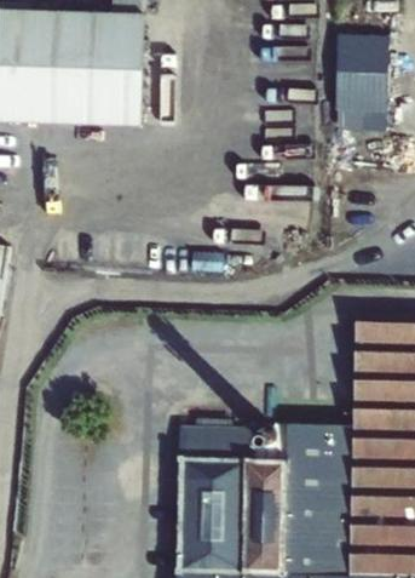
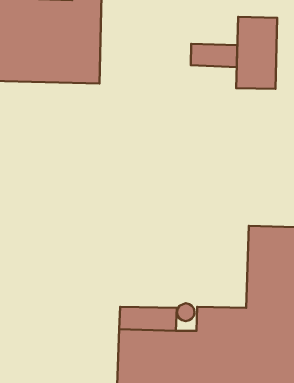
building: none -> [191,44,237,67]

